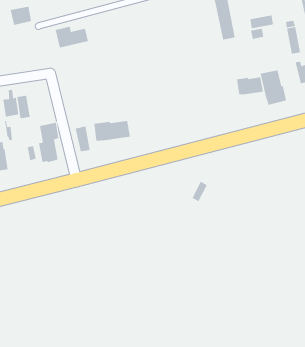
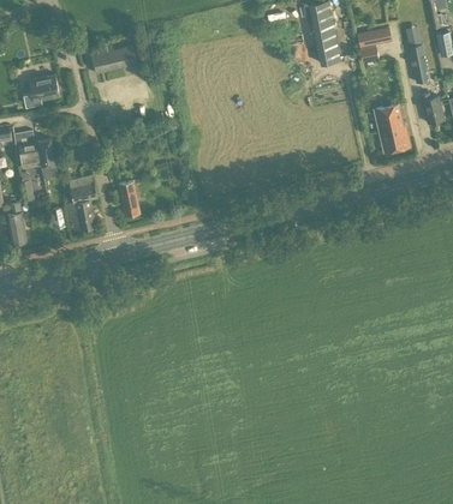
building: [10,6,32,25] -> [29,76,59,102]
building: [237,77,264,97] -> none
building: [94,120,131,143] -> none

